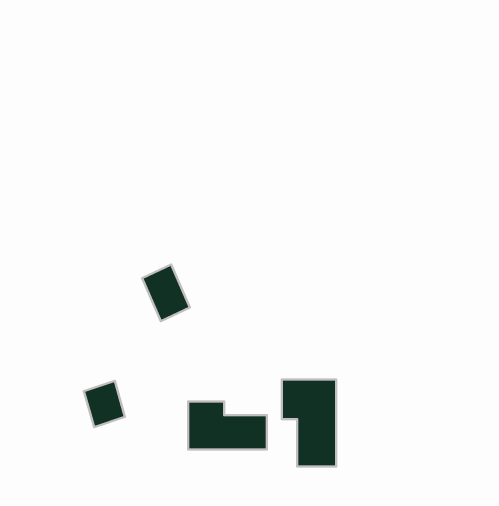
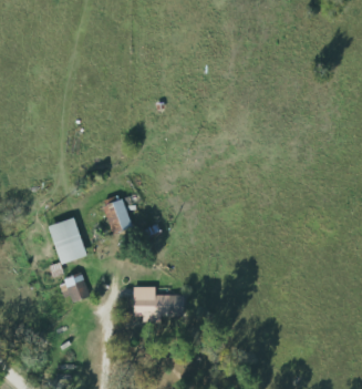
building: none -> [48,217,86,265]
building: [282,380,336,467] -> none

